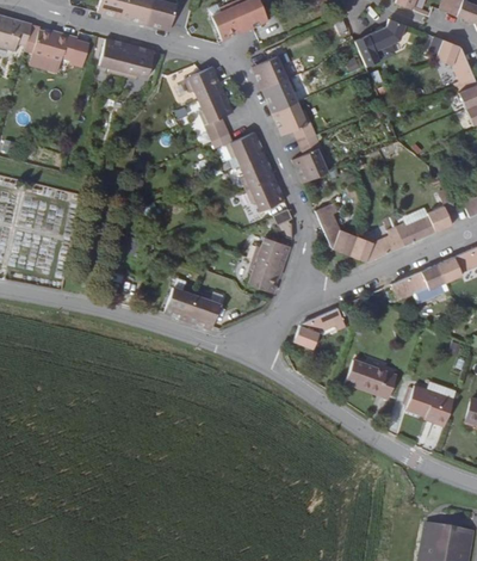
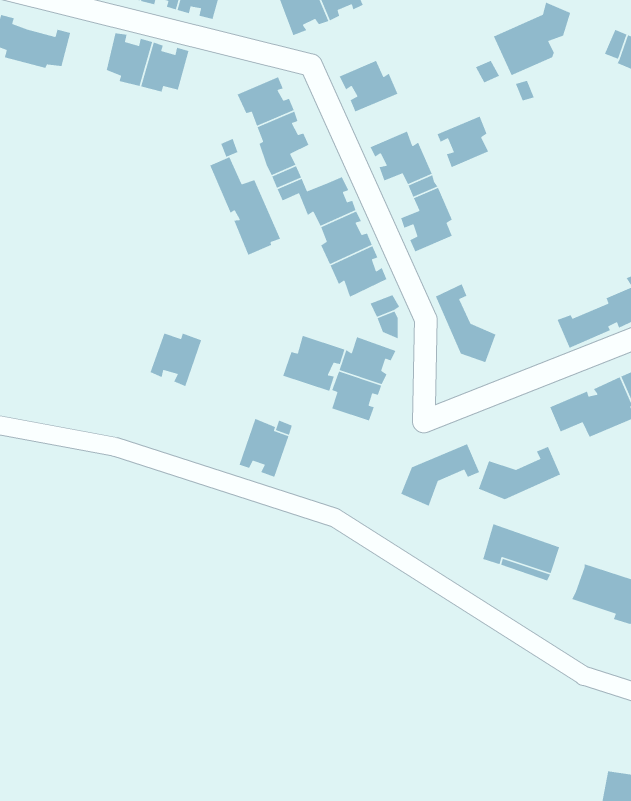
building: [264,78,298,112] -> [437,116,489,168]
building: none -> [209,156,281,256]
building: [349,226,404,261] -> [478,446,561,500]
building: none -> [282,335,346,392]
building: [163,285,198,321] -> [149,333,202,387]

